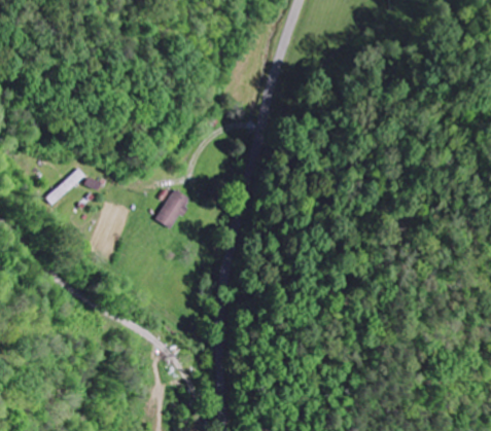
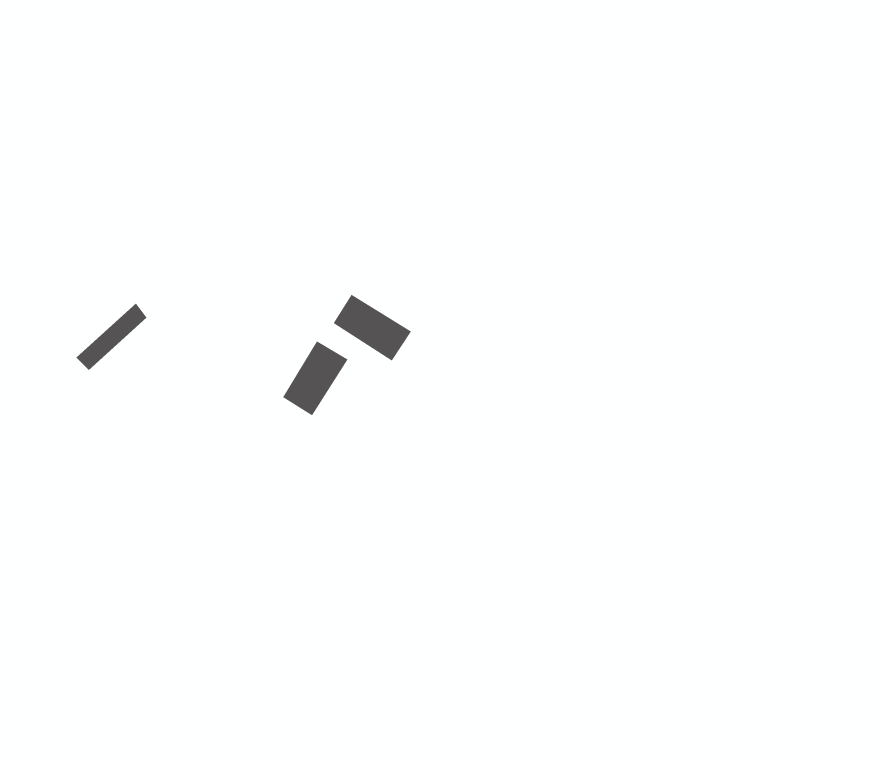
building: none -> [333,294,412,362]

